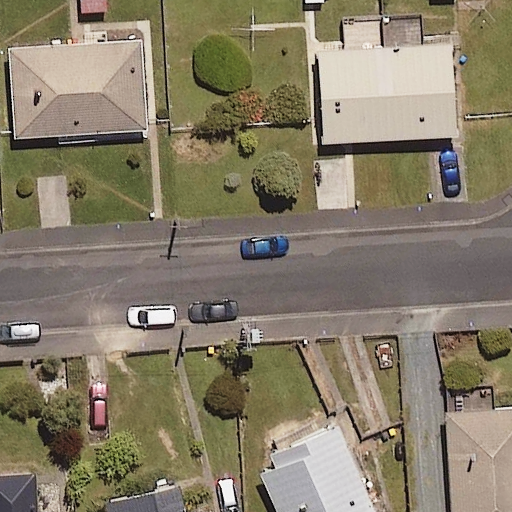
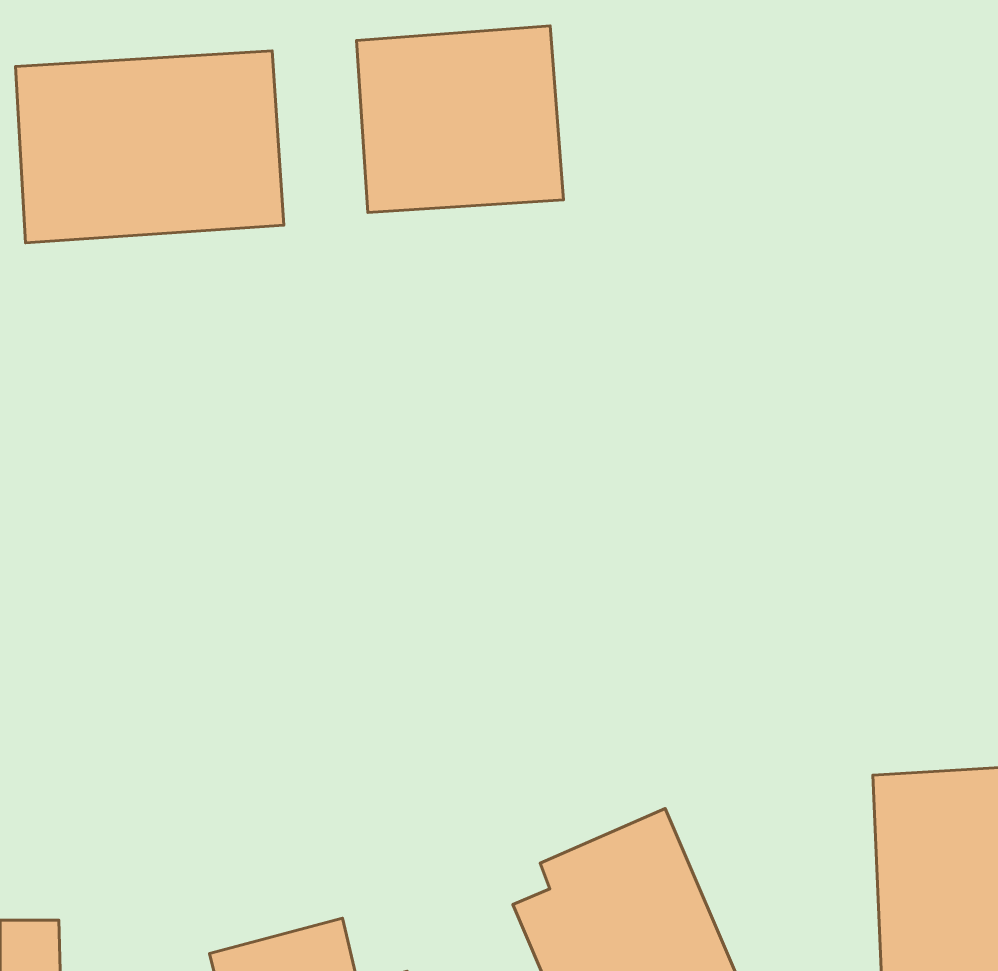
building: none -> [356,26,563,213]
building: [317,44,455,143] -> none

